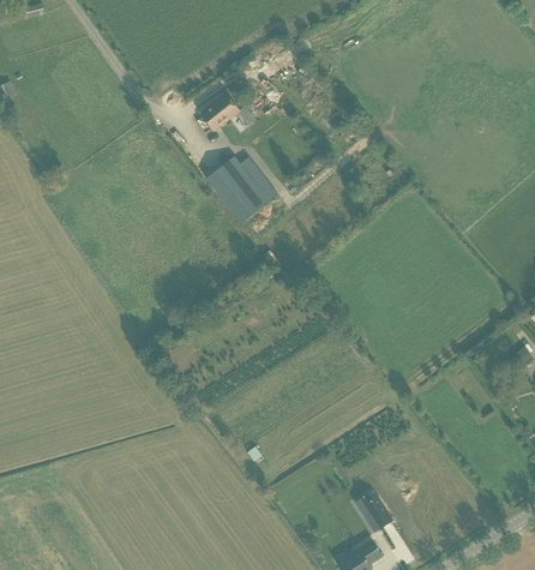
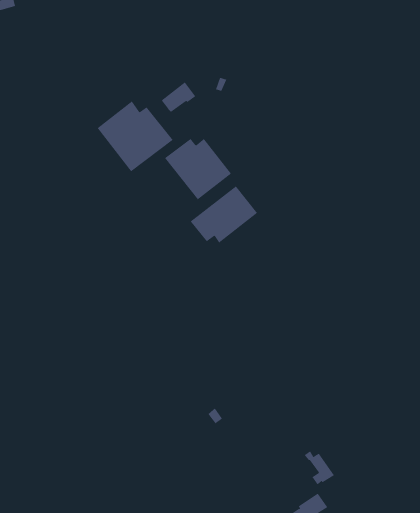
building: none -> [97,101,173,172]
building: none -> [190,185,258,243]

